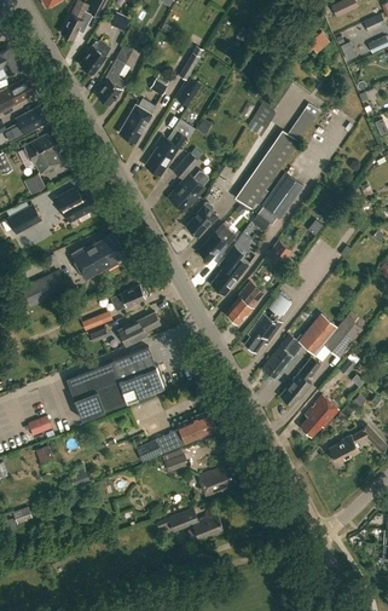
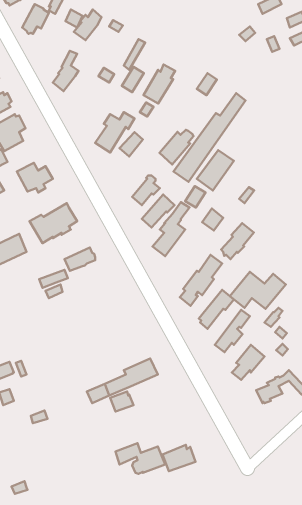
building: [80,39,111,74] -> [74,10,101,40]
building: [120,98,156,143] -> [143,64,175,104]
building: [169,171,208,211] -> [159,130,193,165]
building: [226,281,264,322] -> [221,223,254,259]
building: [118,312,161,346] -> none
building: [66,346,167,419] -> none
building: [198,466,236,496] -> [163,445,195,471]

